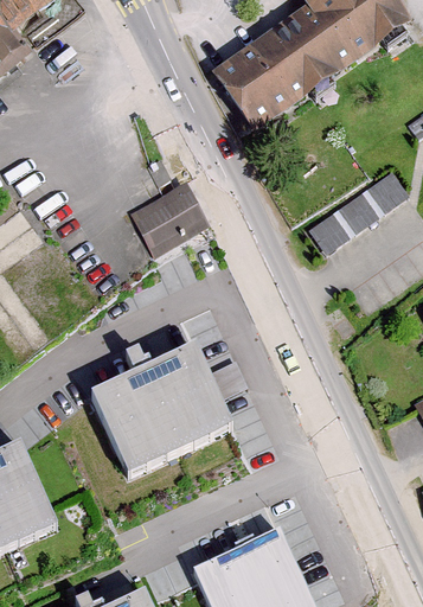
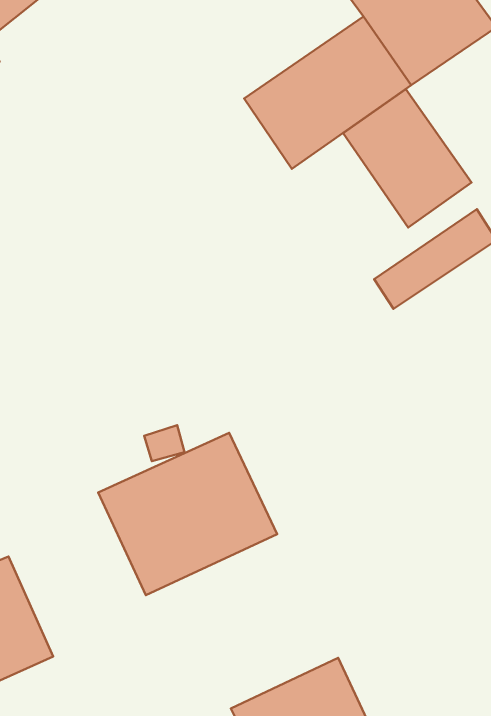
building: none -> [343,89,472,227]
building: [130,180,204,250] -> none

